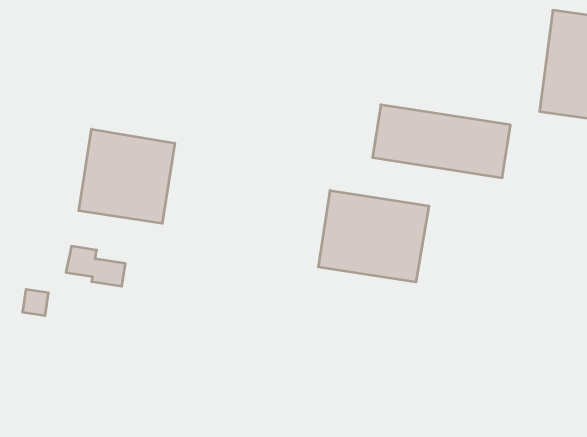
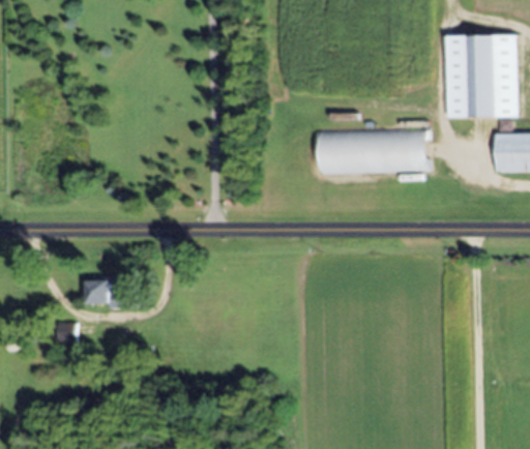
building: [79,129,175,223] -> none
building: [318,190,429,282] -> none

